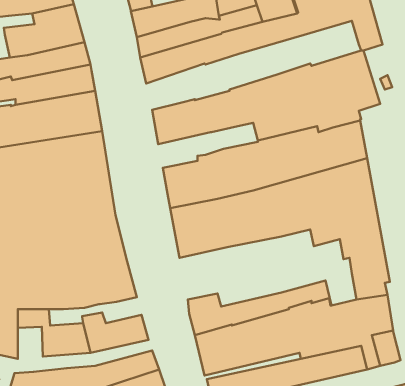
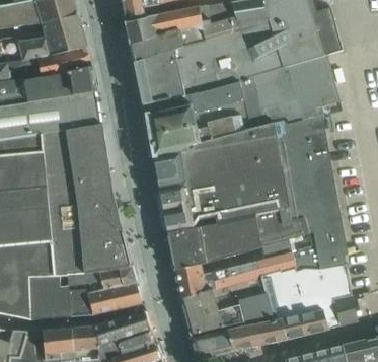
building: none -> [139,30,322,106]
building: none -> [149,118,234,156]
building: none -> [167,209,307,269]
building: none -> [292,246,318,274]
building: none -> [60,267,135,289]
building: none -> [29,292,51,319]

